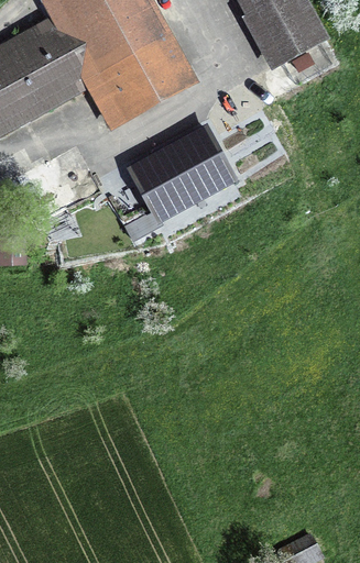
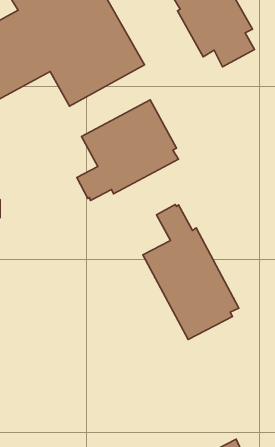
building: none -> [143,204,239,339]

